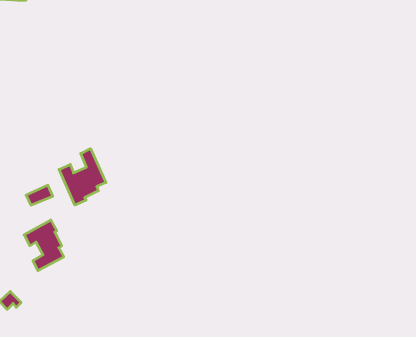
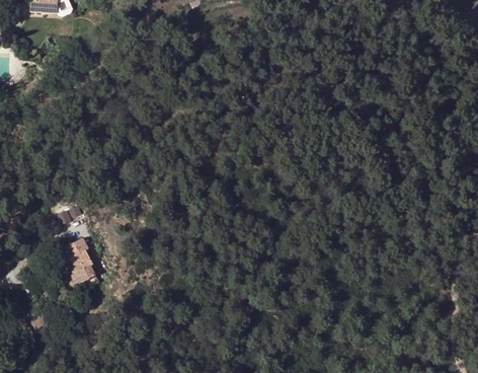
building: [59,149,106,205] -> none

